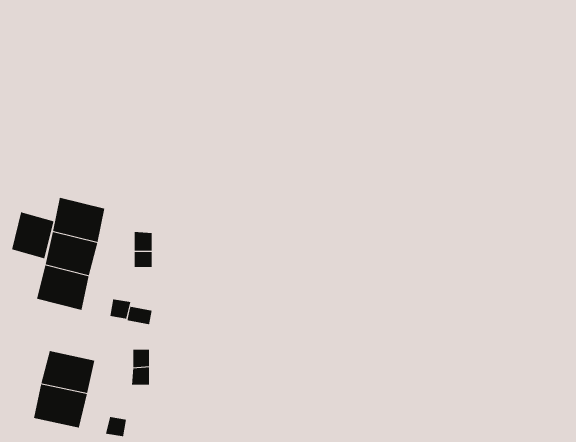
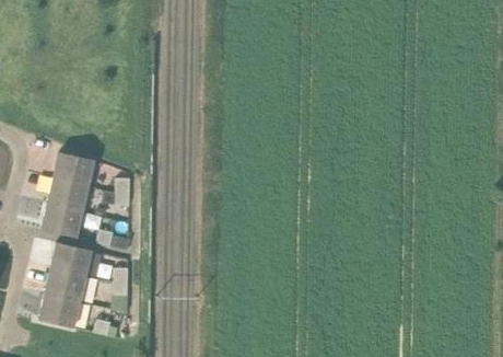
building: [11,211,54,259] -> none
building: none -> [51,242,93,277]

